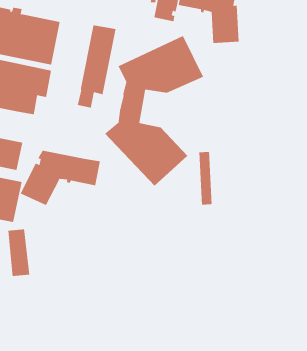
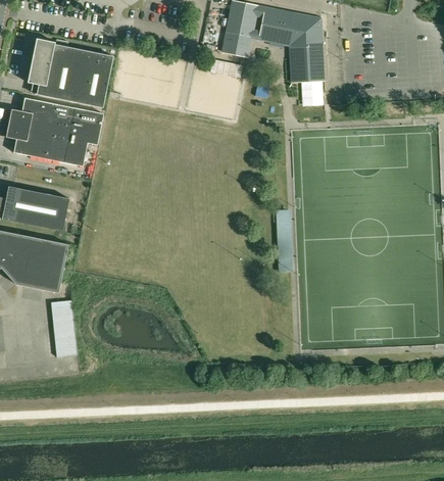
building: [77,25,116,108] -> none
building: [104,35,204,187] -> none
building: [20,150,101,206] -> none

